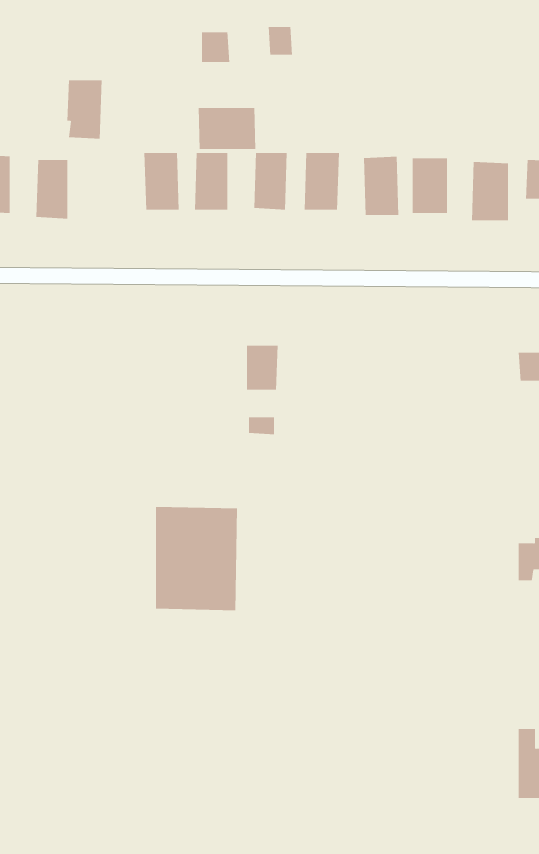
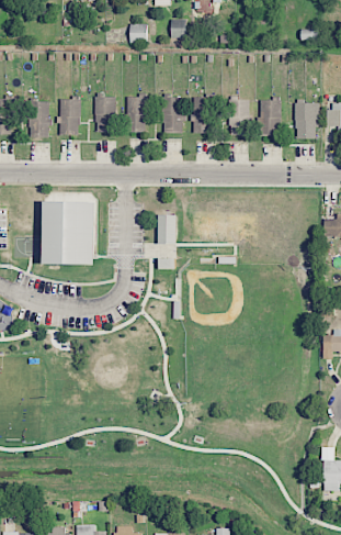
building: [66,80,102,139] -> [58,99,80,135]
building: [198,107,256,150] -> none
building: [155,506,238,611] -> [44,201,94,265]

